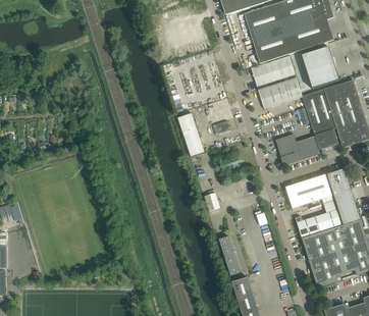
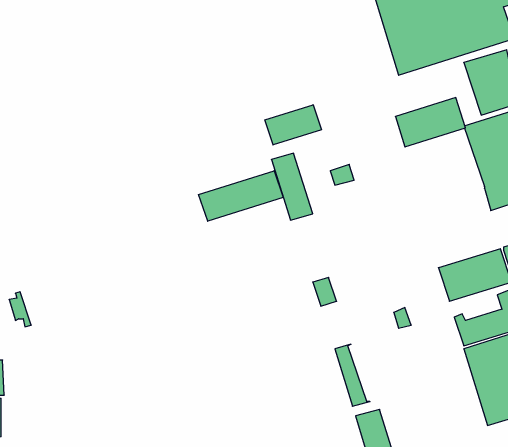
building: [252,56,296,87] -> none
building: none -> [265,105,321,145]
building: none -> [198,171,283,221]
building: [275,134,320,166] -> none

